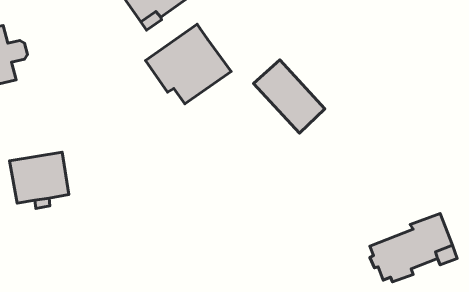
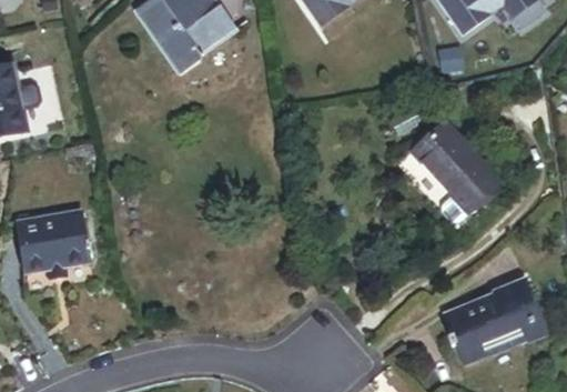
building: [146,24,231,104] -> none
building: [254,60,325,133] -> [418,127,503,213]

